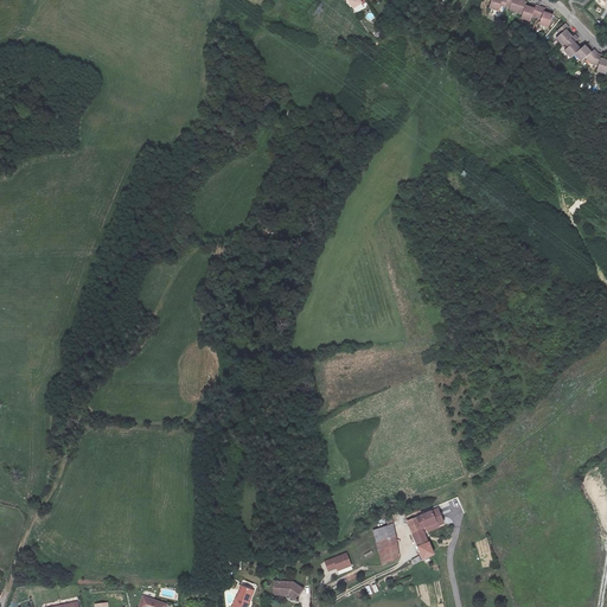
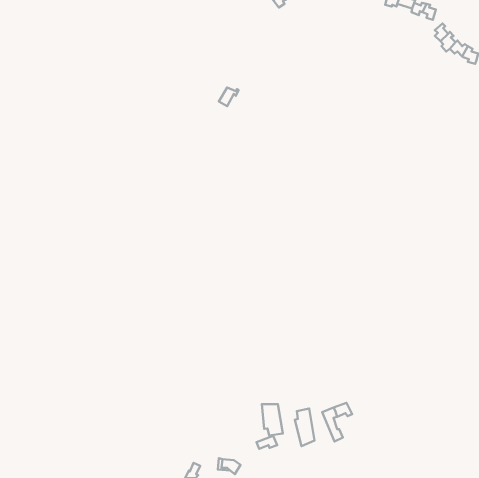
building: none -> [262,404,283,435]

